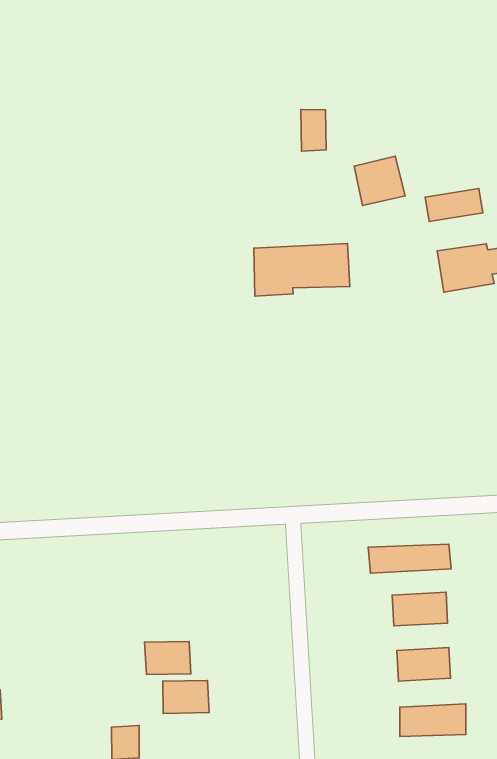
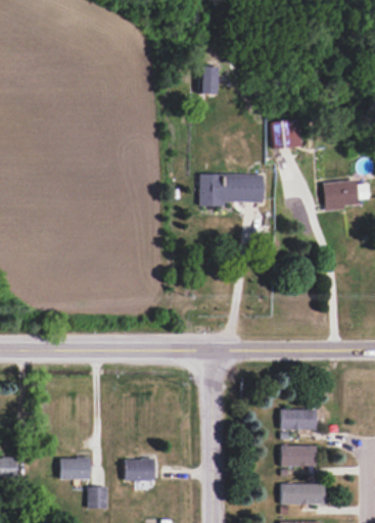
building: [301,110,326,151] -> [199,66,217,94]
building: [425,188,483,222] -> none
building: [368,544,451,573] -> none
building: [145,641,191,674] -> [61,458,91,480]

